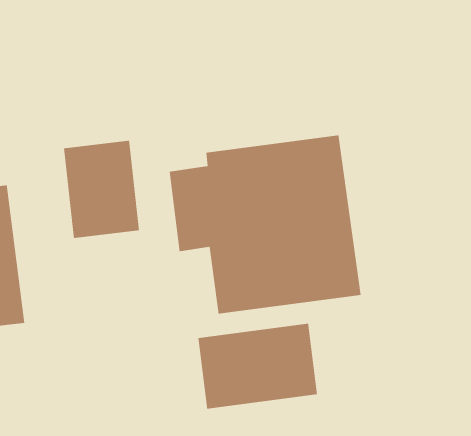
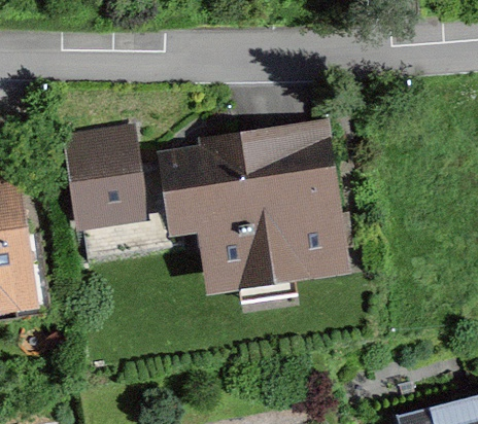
building: [198,323,318,410] -> none

